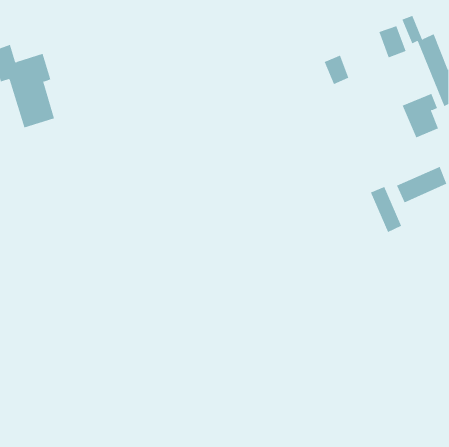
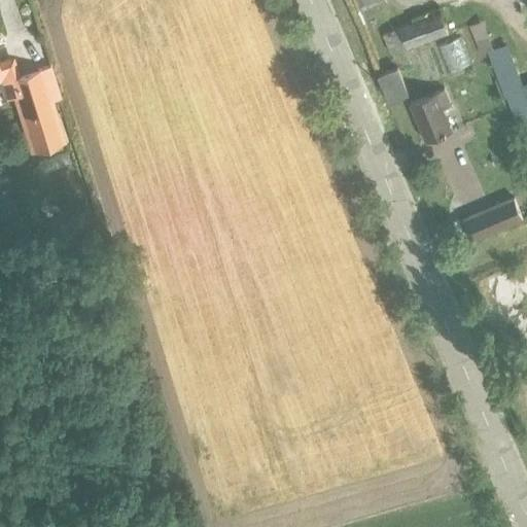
building: none -> [382,12,448,56]
building: [402,93,439,138] -> [409,90,452,142]
building: [370,186,402,233] -> none

